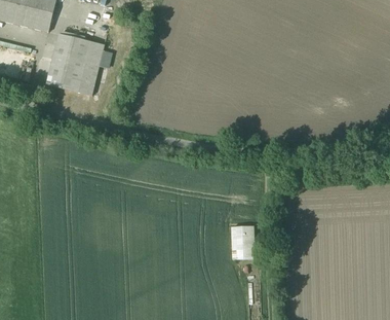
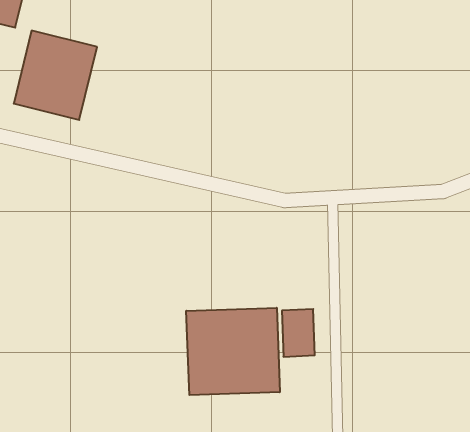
building: none -> [186,308,280,395]

